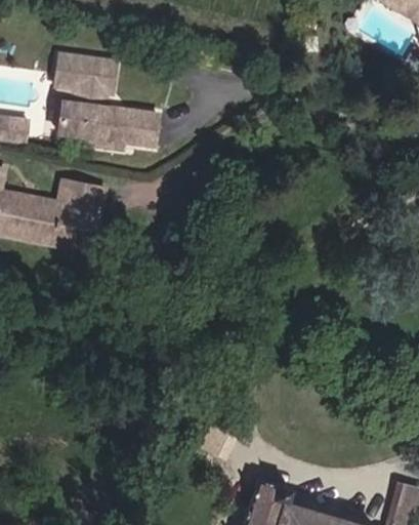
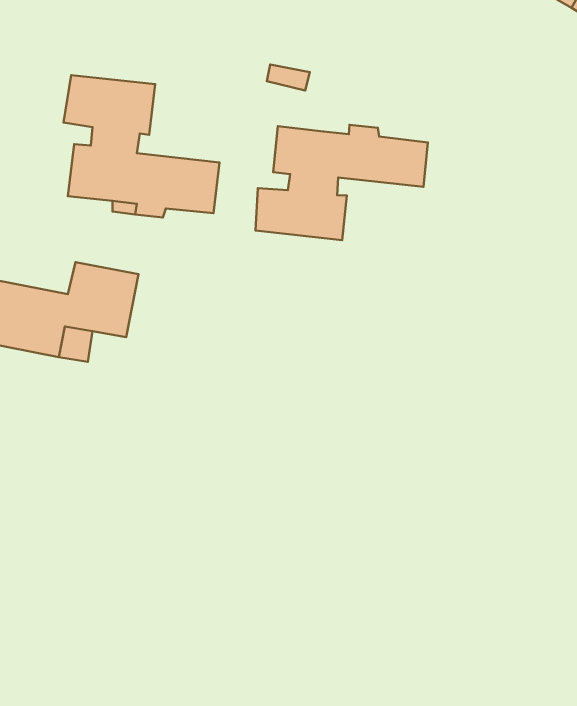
building: none -> [255,125,428,240]

